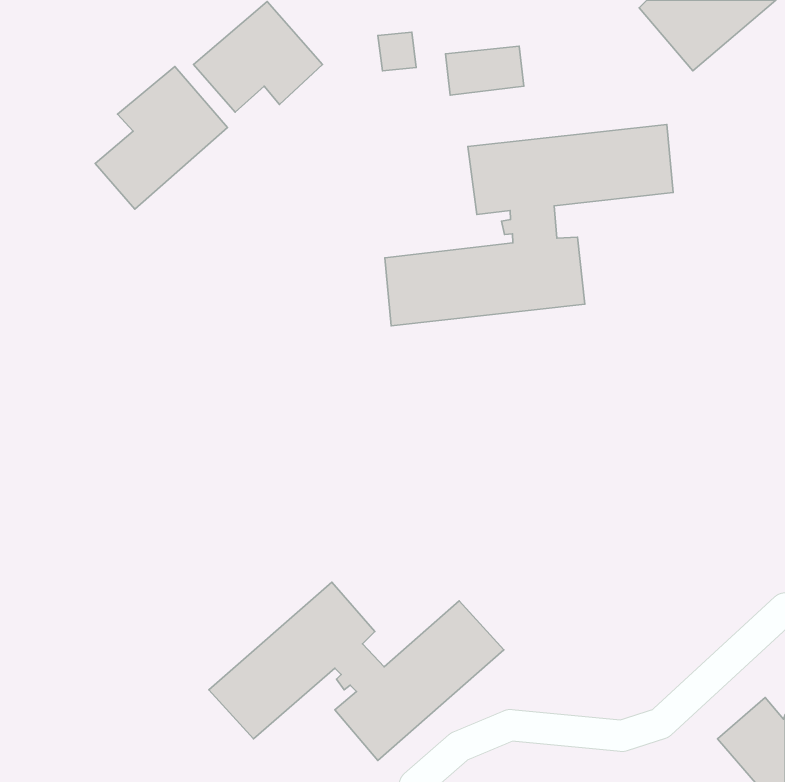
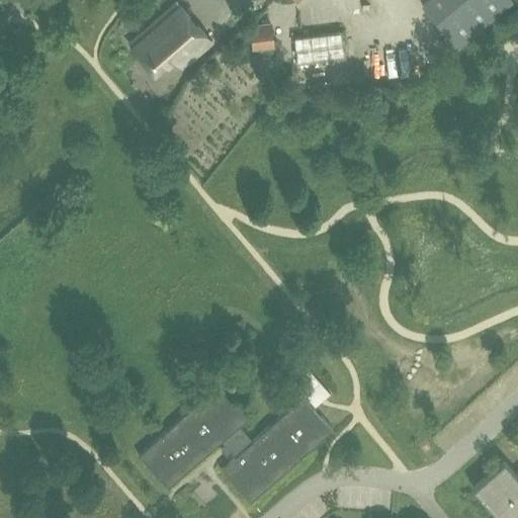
building: [95,66,227,209] -> none
building: [385,124,673,326] -> none

